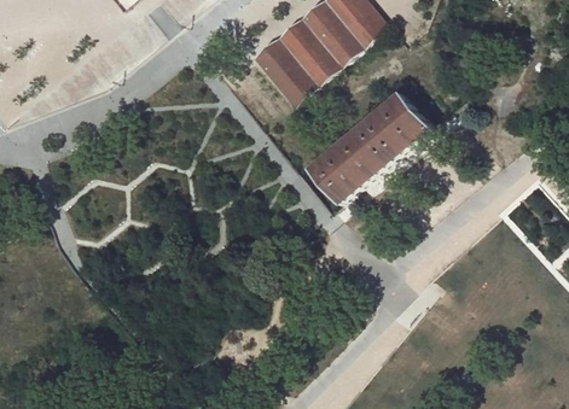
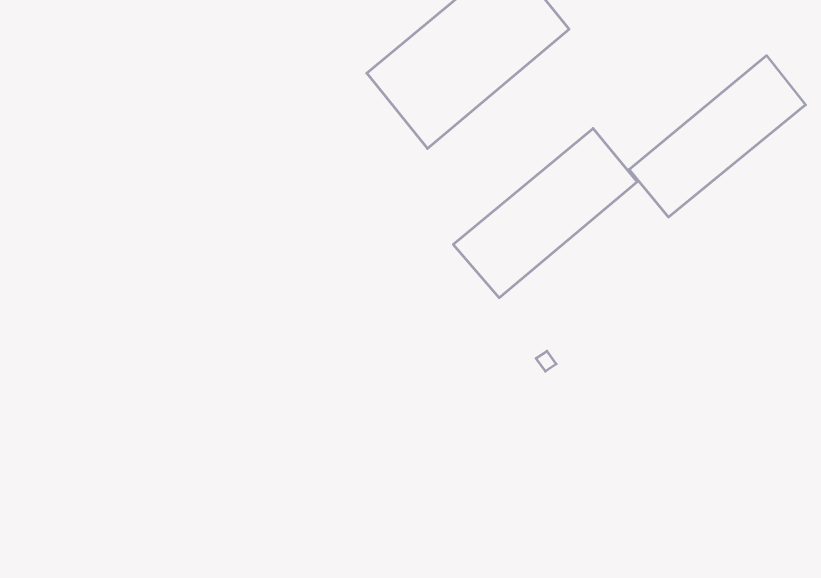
building: none -> [629,56,806,217]

